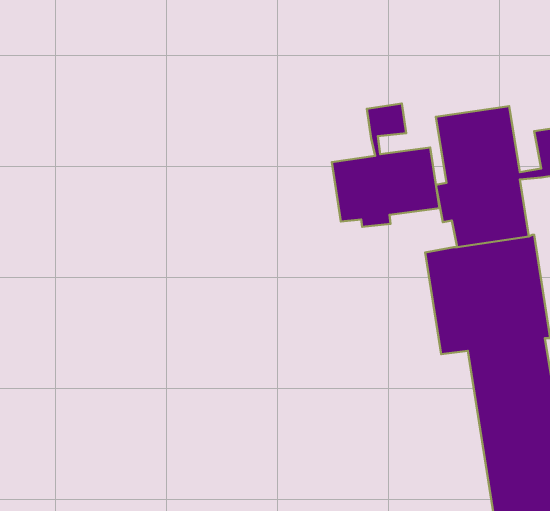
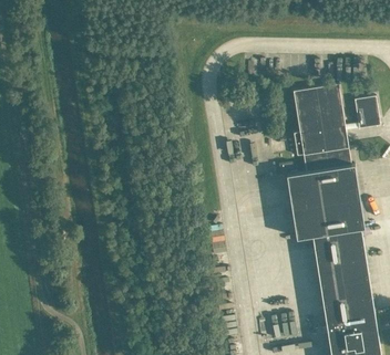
building: [332,104,439,227] -> none

